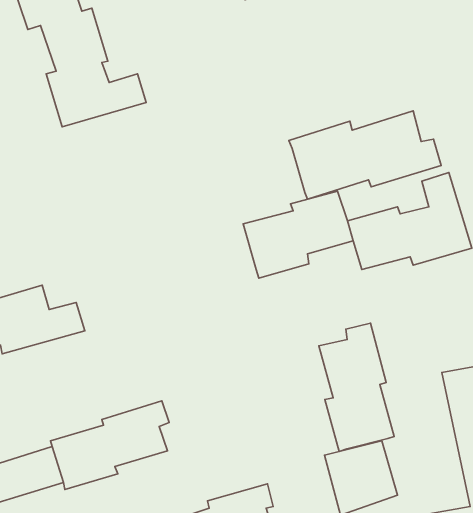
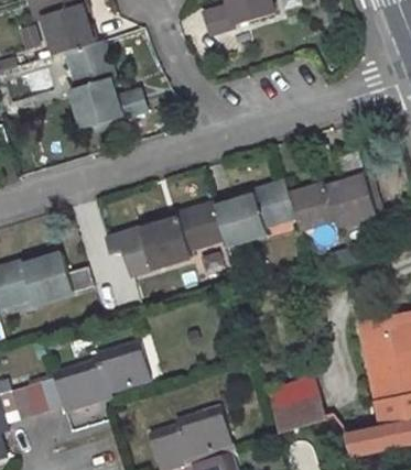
building: [289,111,441,199] -> none
building: none -> [98,203,215,277]
building: [319,323,394,452] -> none

